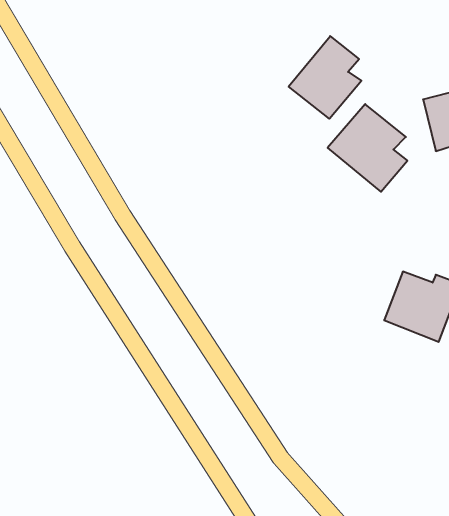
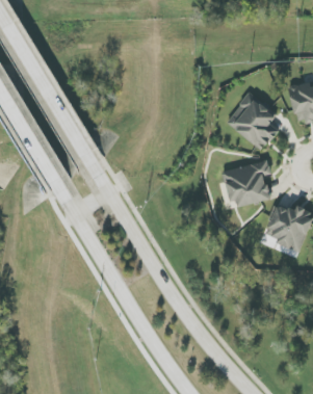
building: [289,36,361,119] -> none
building: none -> [224,159,271,207]

